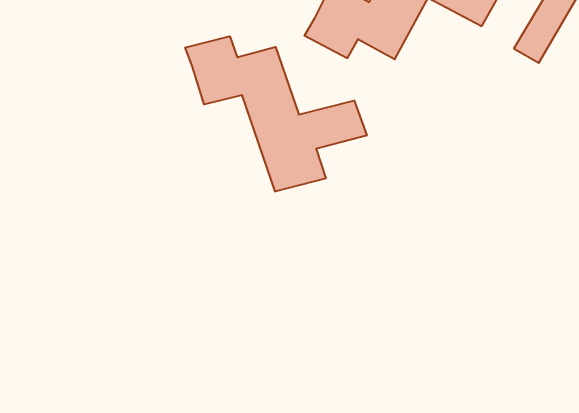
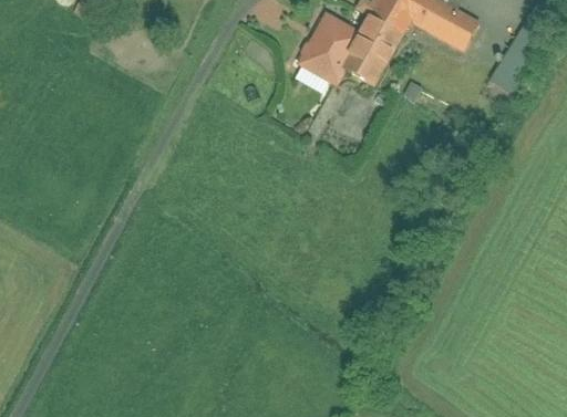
building: [185,36,367,192] -> none

